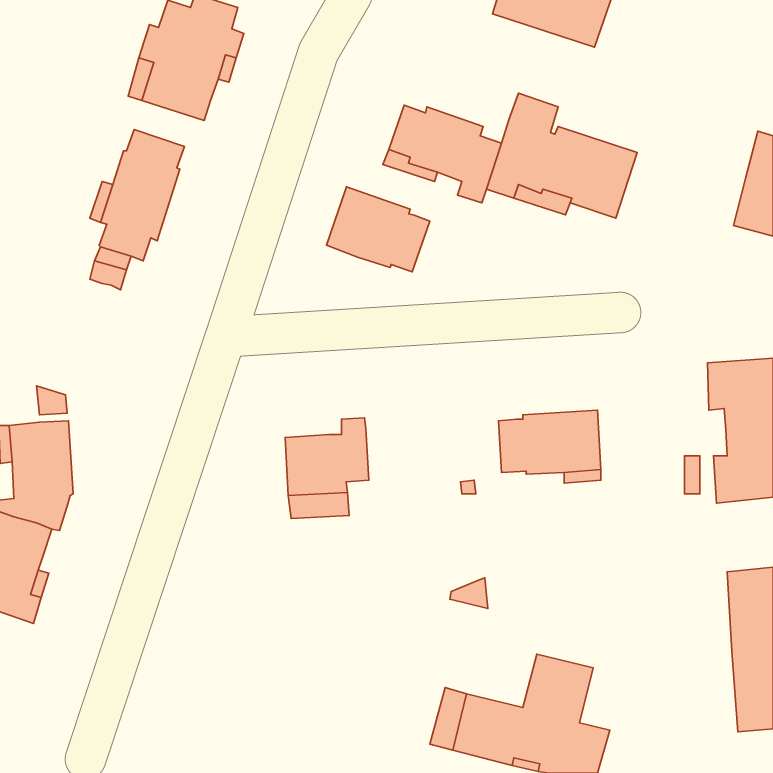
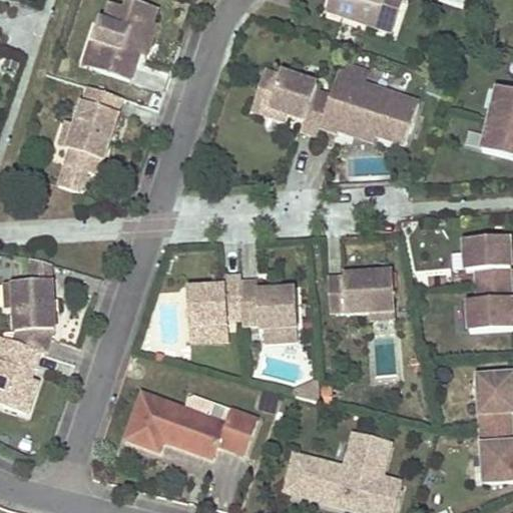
building: [327,187,430,272] -> none
building: none -> [240,281,299,345]
building: none -> [123,390,256,459]

